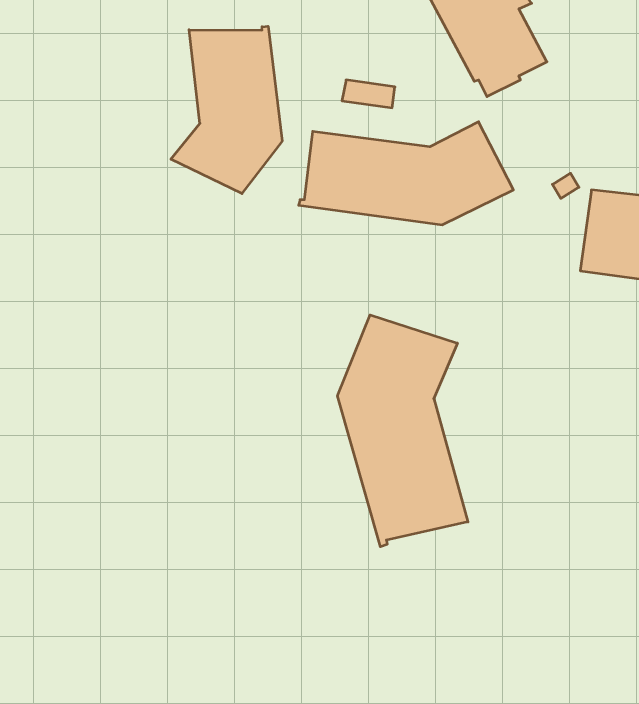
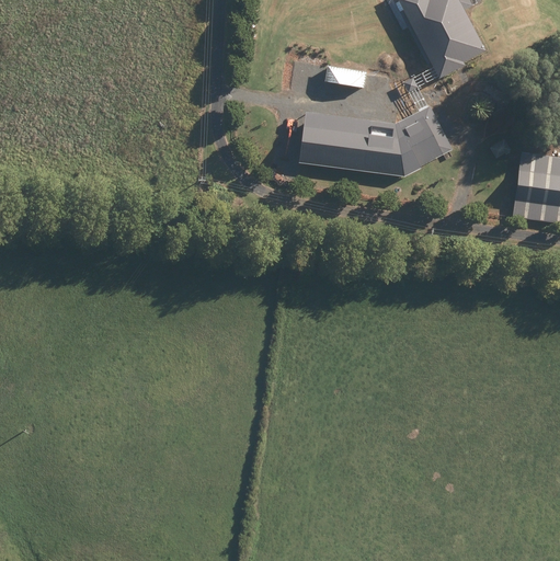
building: [171,26,282,194] -> none
building: [338,315,468,547] -> none

